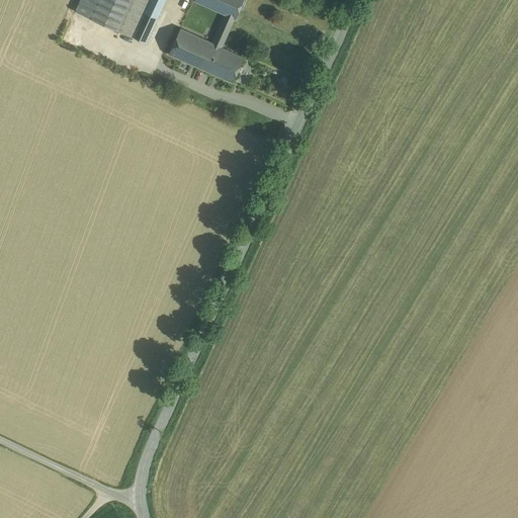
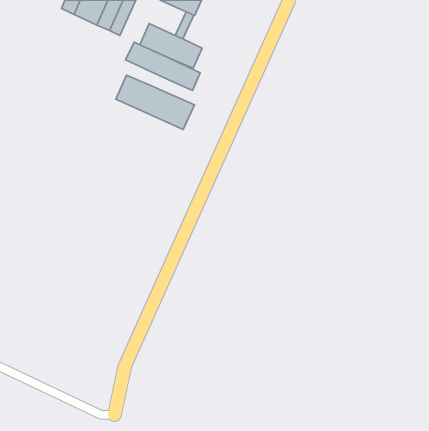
building: none -> [126,42,200,90]
building: none -> [116,75,194,129]

